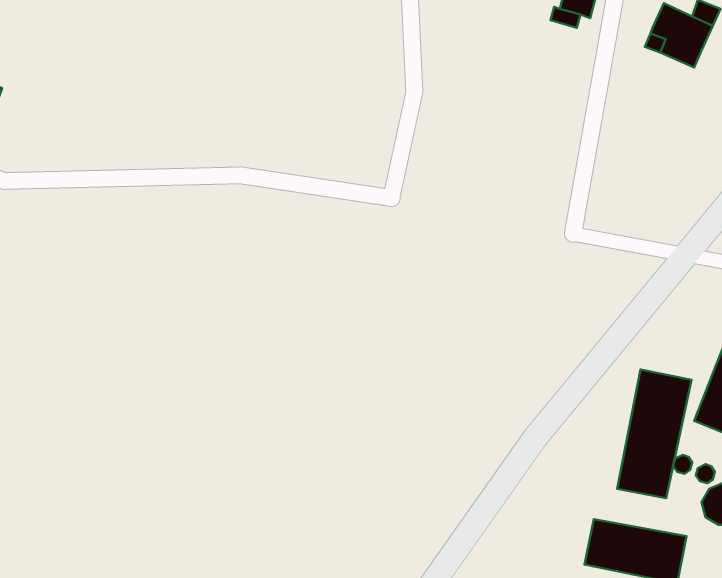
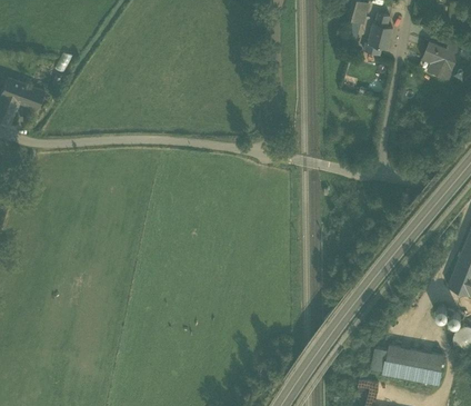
building: [617,370,692,498] -> none

